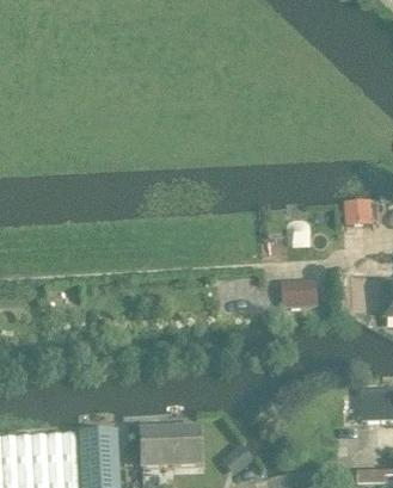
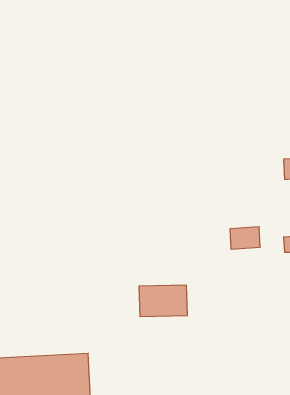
building: [140,427,197,464] -> [139,285,187,317]

